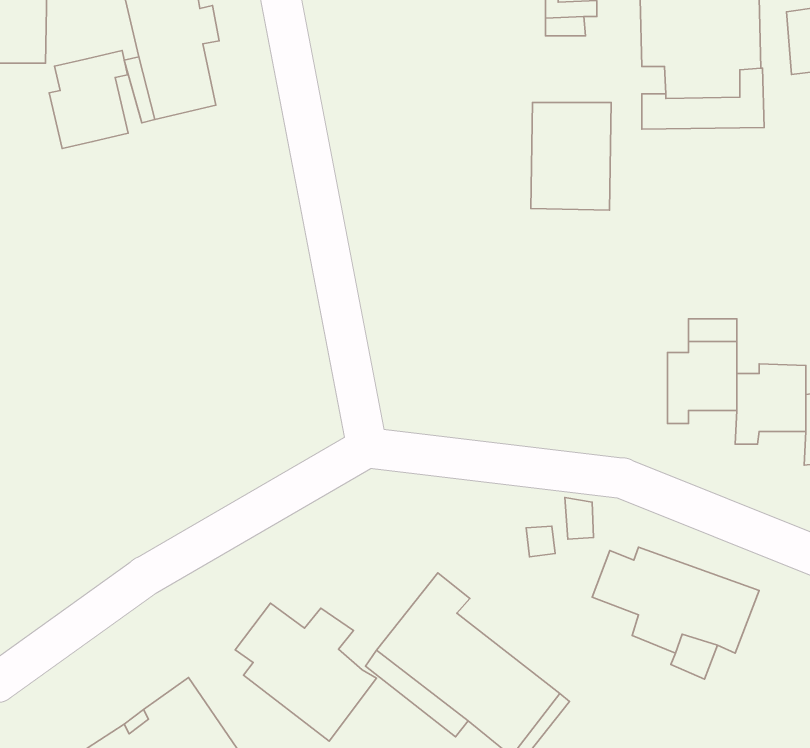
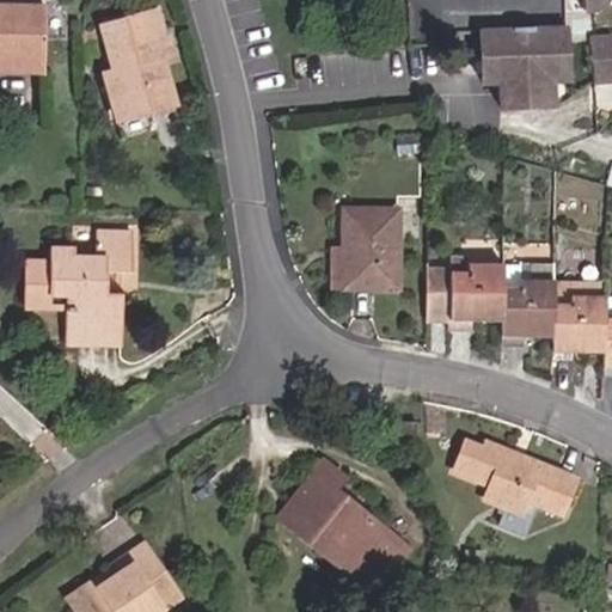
building: [49,51,128,149] -> none
building: [531,102,611,210] -> [341,208,400,288]
building: none -> [24,230,131,342]
building: none -> [428,261,503,324]
building: [235,603,376,741] -> none

